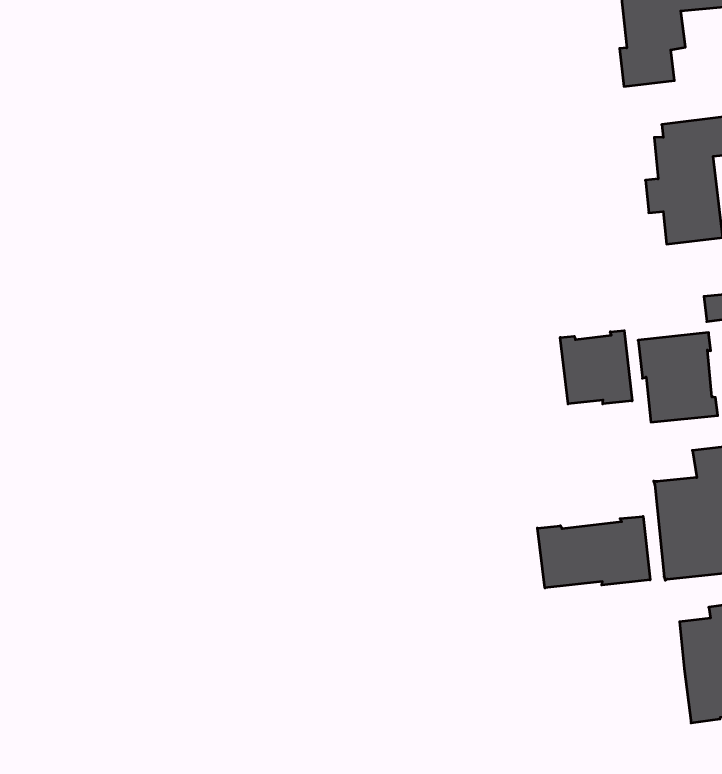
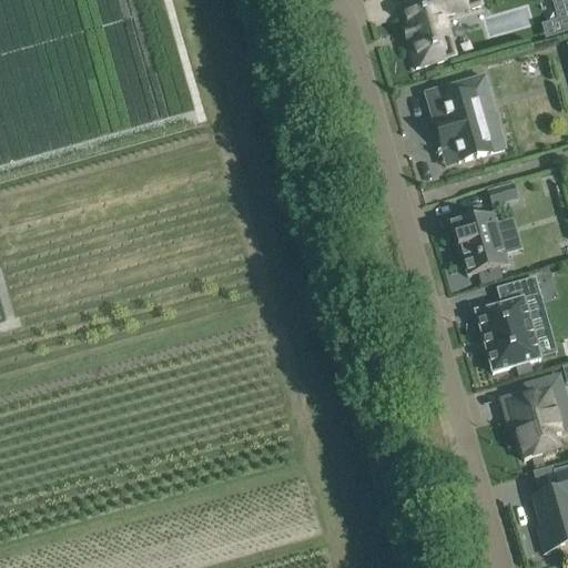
building: [560,331,632,404] -> none
building: [537,516,650,588] -> none

